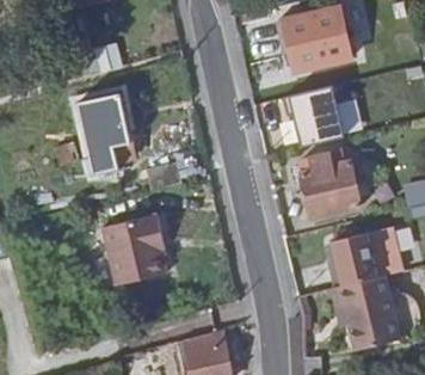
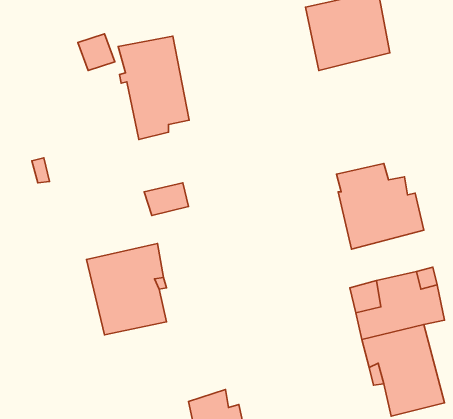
building: [288,87,341,145] -> none
building: [76,92,134,176] -> [118,36,189,139]

